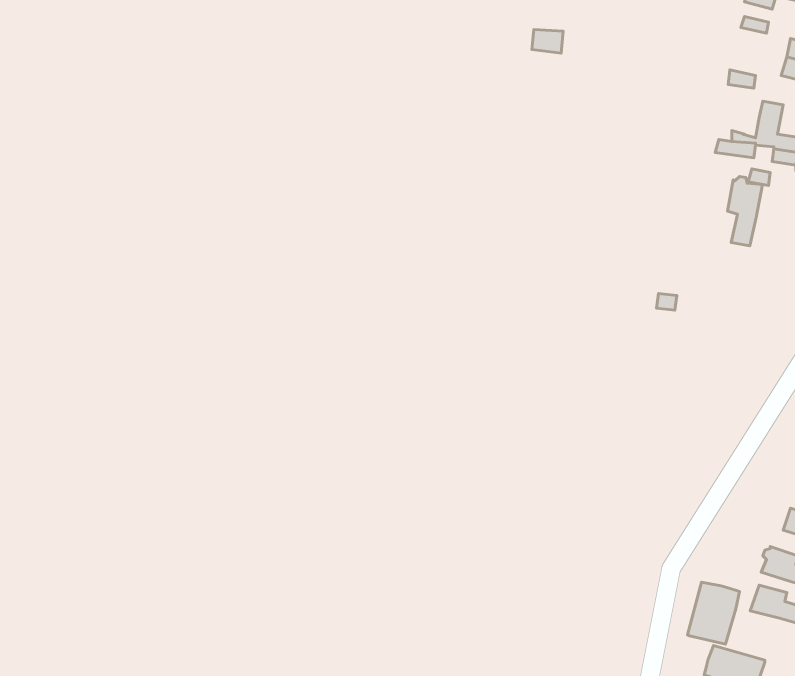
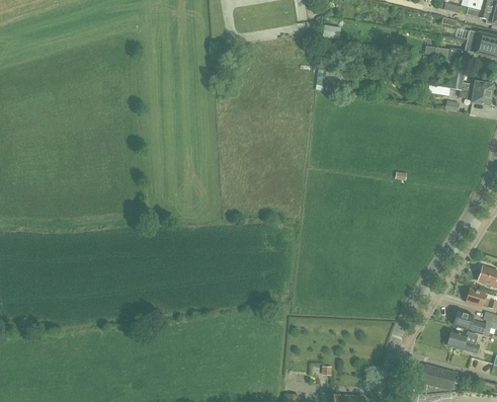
building: [728,177,763,246] -> none
building: [687,582,740,644] -> none

